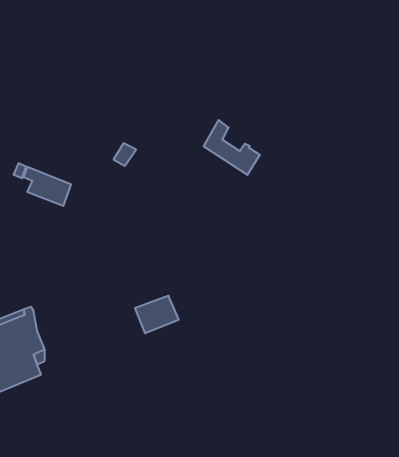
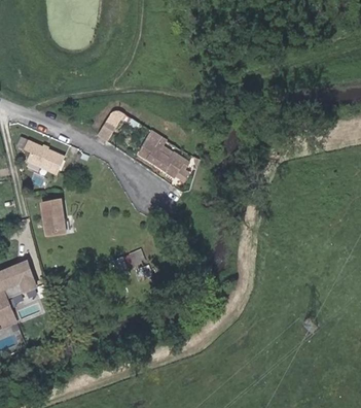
building: [204,120,260,175] -> [139,132,185,177]
building: none -> [41,200,65,234]

